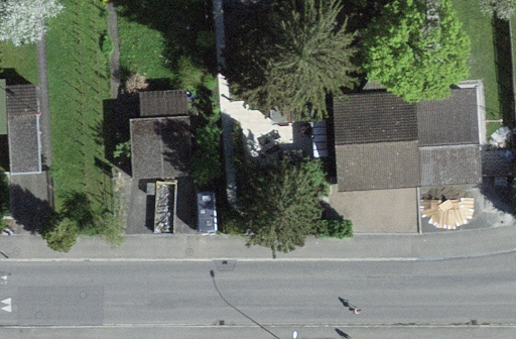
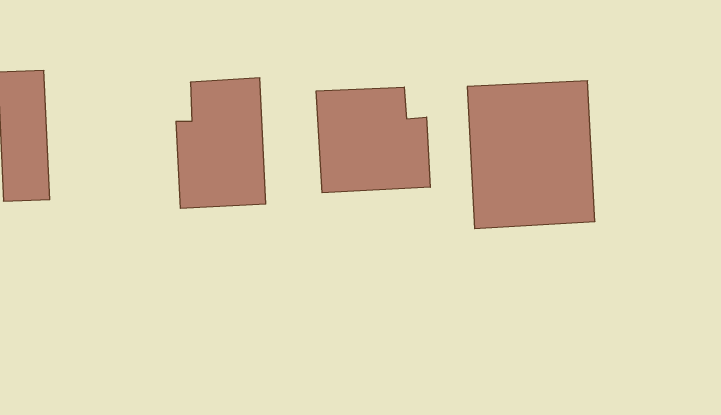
building: [415,88,481,189] -> none
building: none -> [316,87,430,193]

